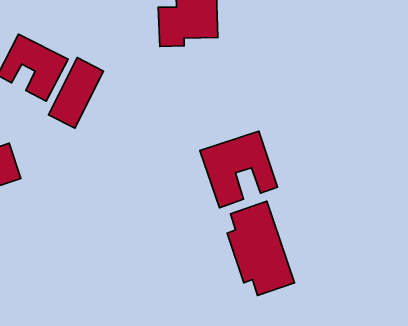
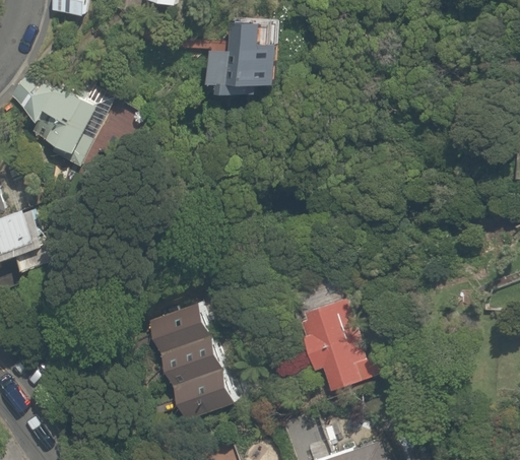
building: [200,131,278,208] -> none
building: none -> [144,301,235,422]

